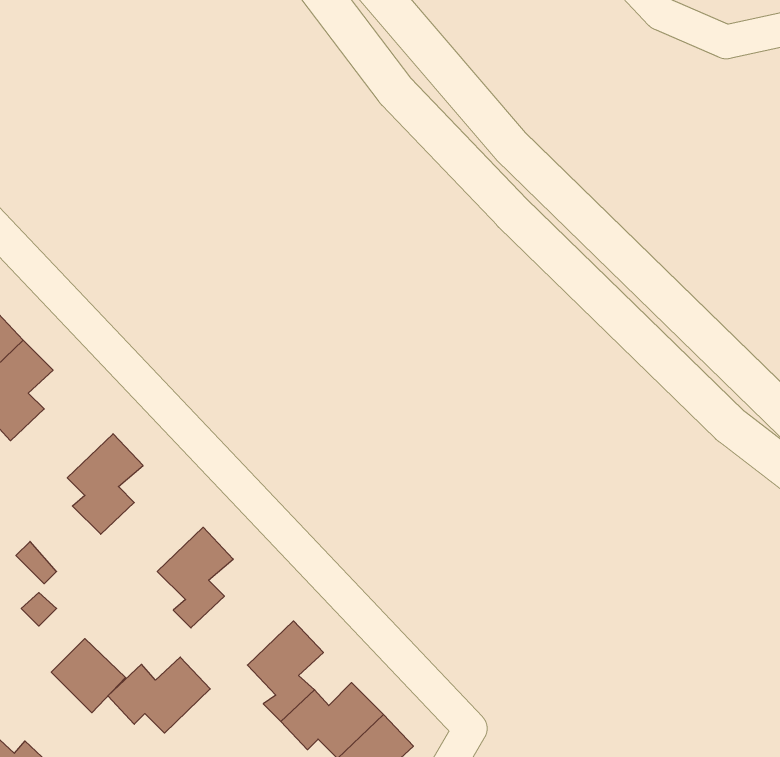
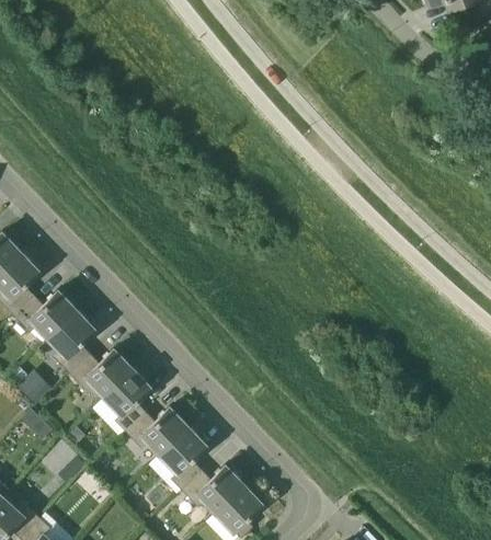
building: none -> [13,291,77,338]
building: none -> [69,349,133,397]
building: [108,657,210,733] -> [125,407,189,455]

